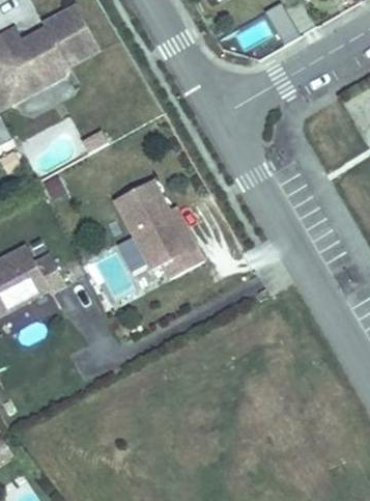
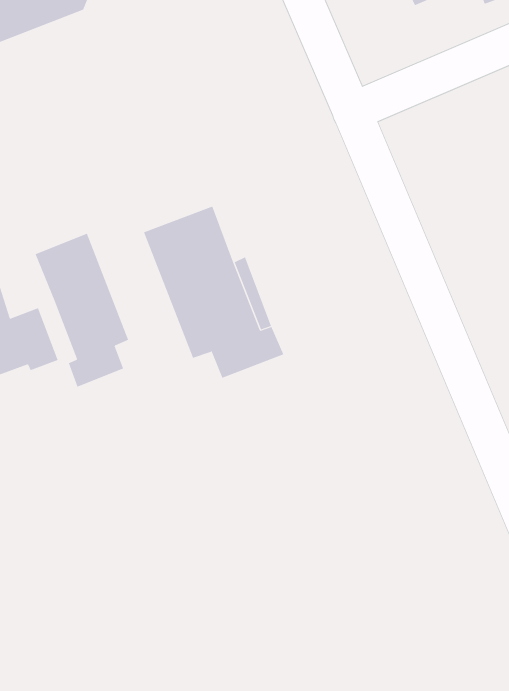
building: none -> [35,233,129,388]

